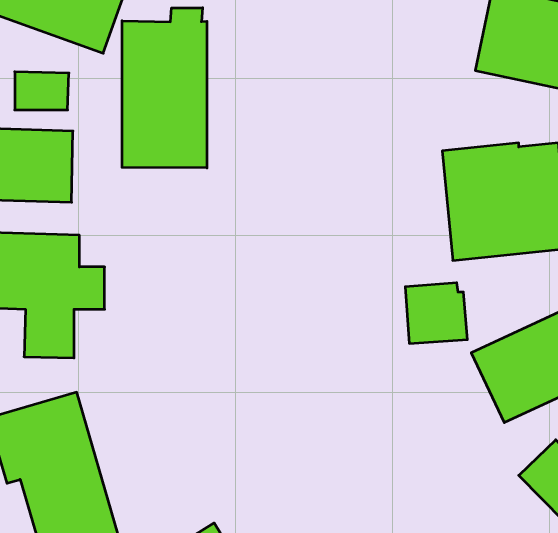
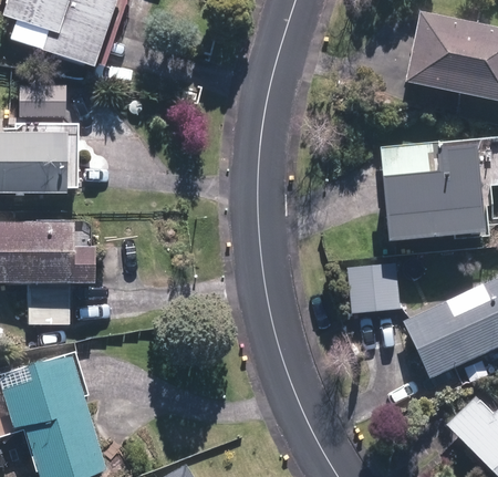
building: [122,8,207,168] -> none

